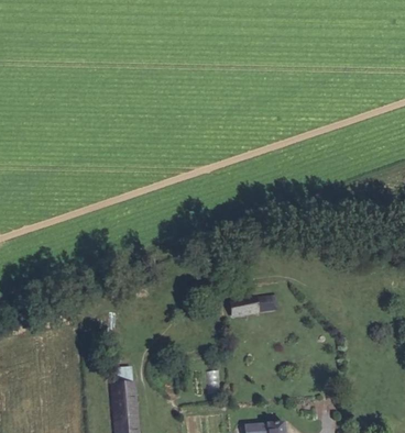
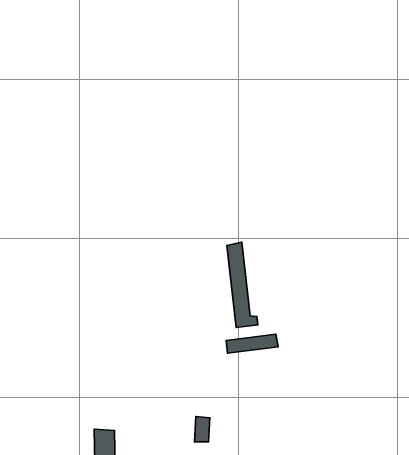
building: none -> [227,242,258,327]

